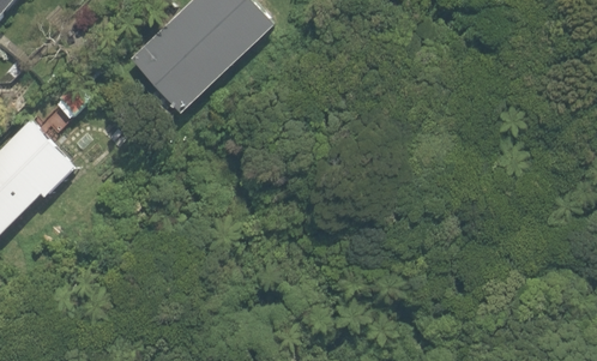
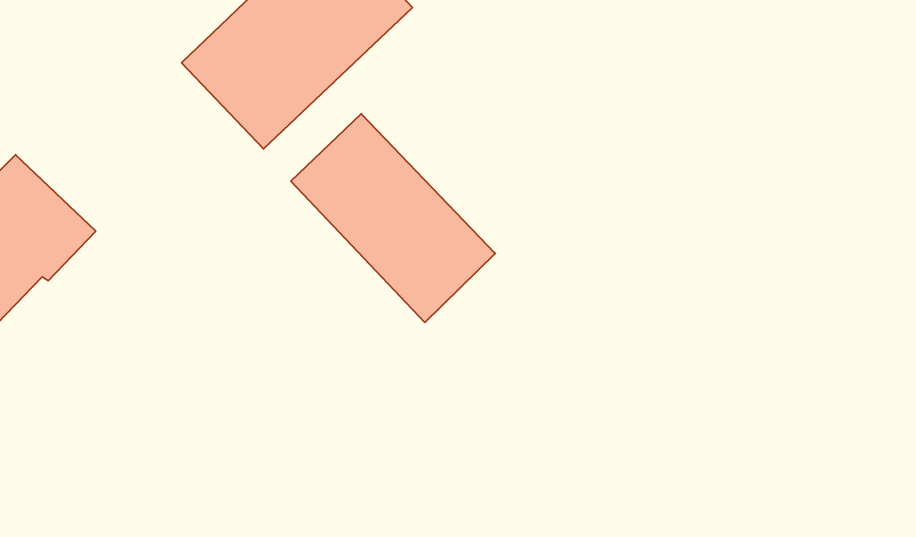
building: none -> [291,114,495,322]

